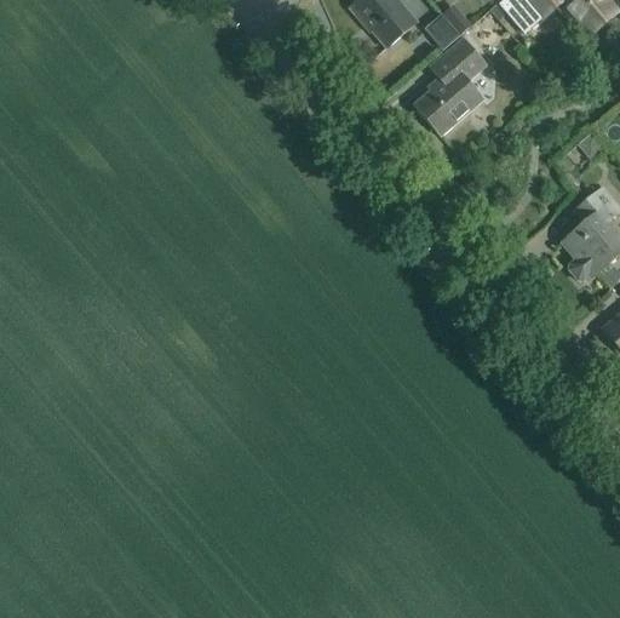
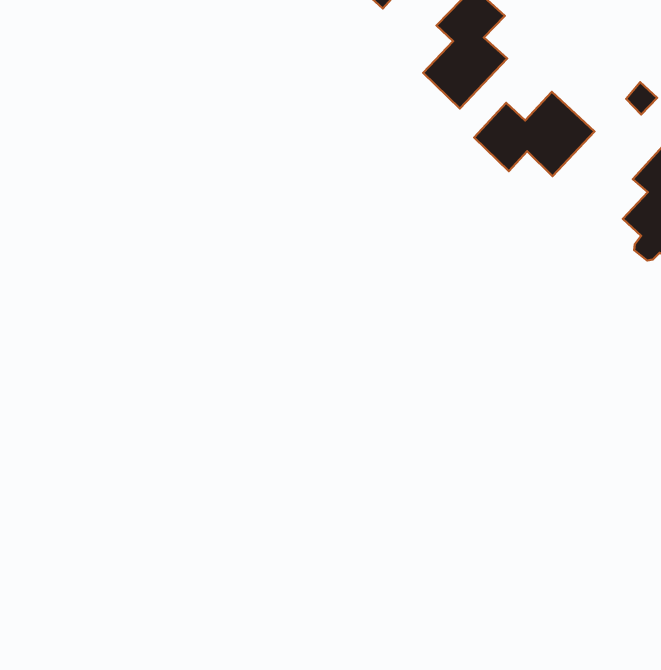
building: none -> [474,92,595,176]

